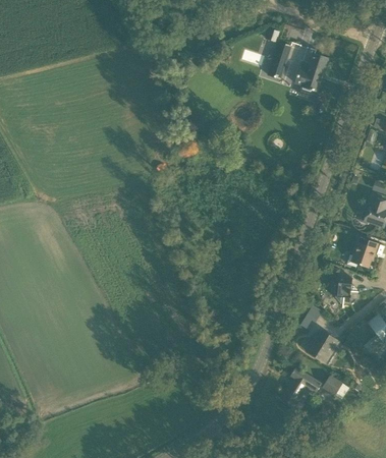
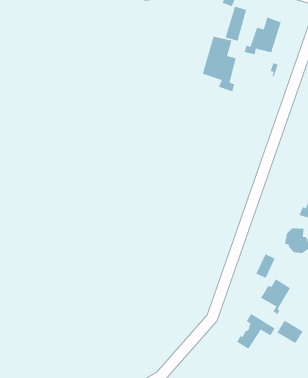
building: none -> [202,36,236,92]

